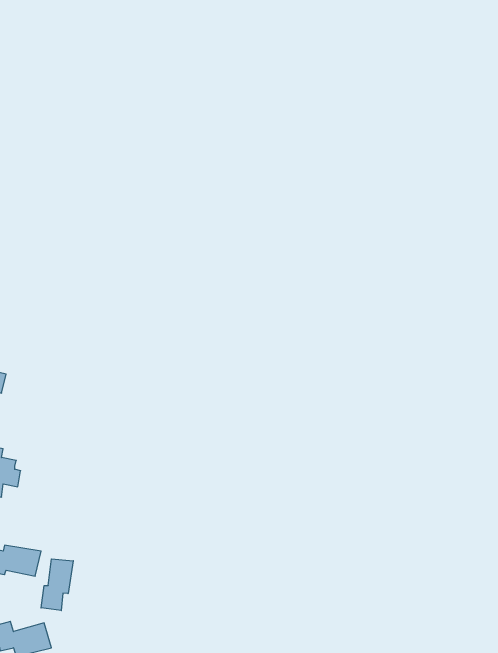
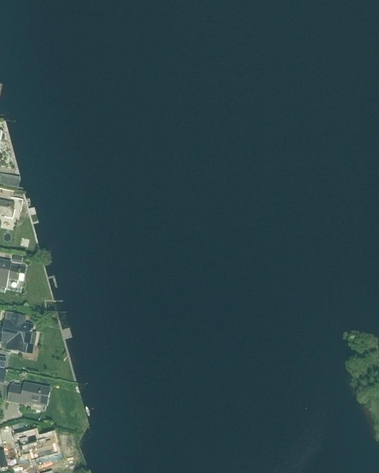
building: [41,559,73,611] -> none

